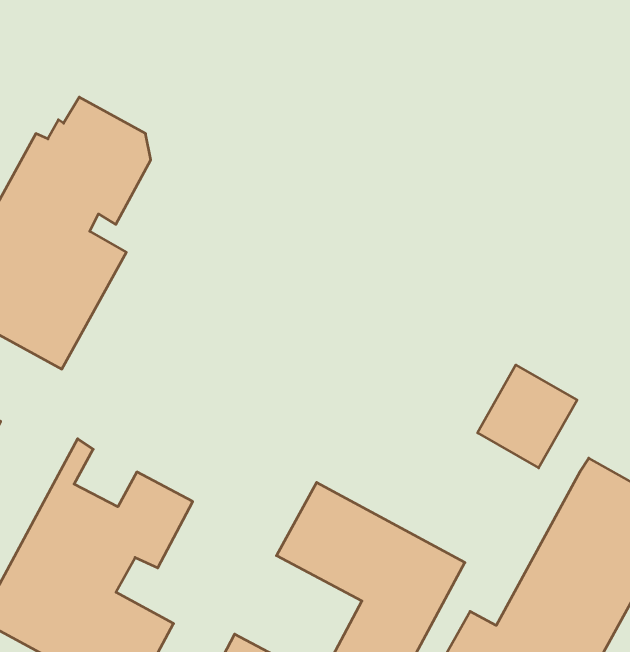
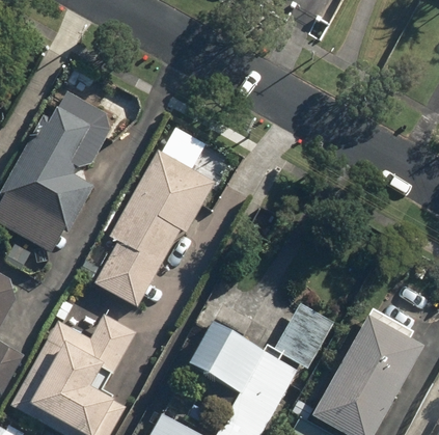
building: none -> [95,126,215,307]
building: [478,365,577,468] -> [274,308,333,370]

